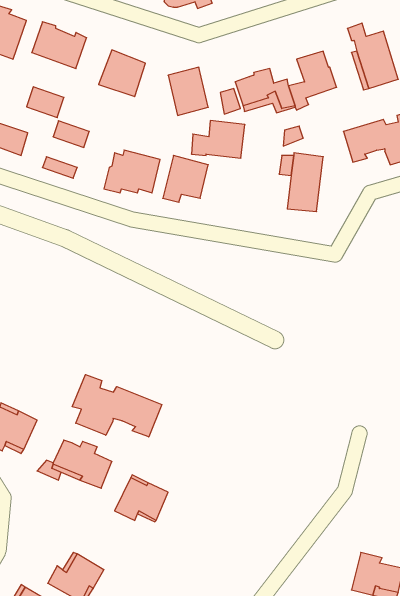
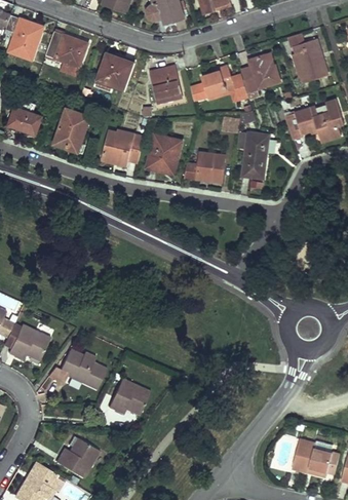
building: [27,87,64,118] -> [56,119,85,143]
building: [191,121,245,158] -> [184,152,225,181]
building: [72,375,162,437] -> none

